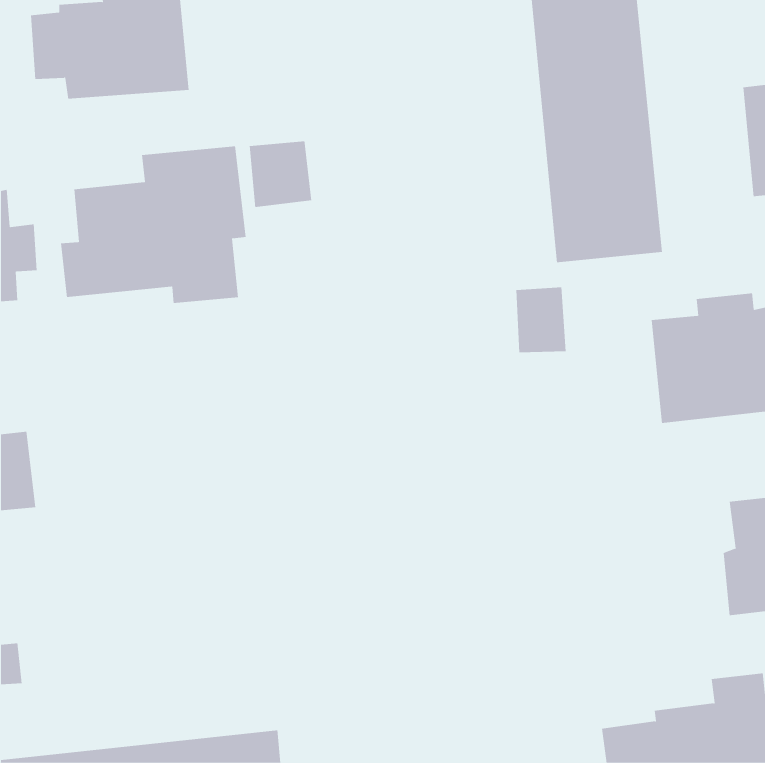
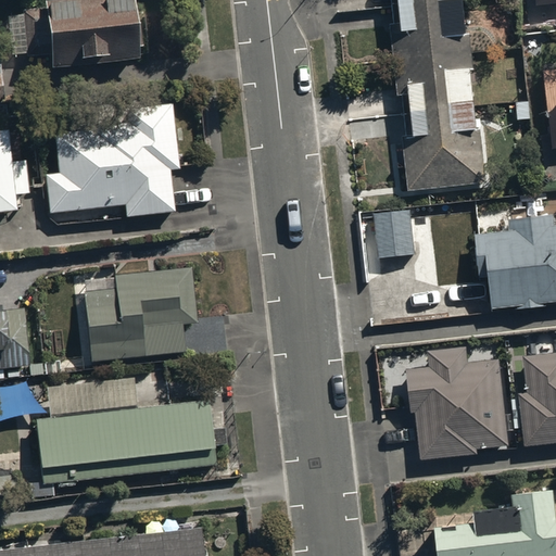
building: [249,140,312,208] -> none
building: none -> [81,265,198,365]
building: none -> [408,352,506,458]
building: none -> [36,381,217,485]

